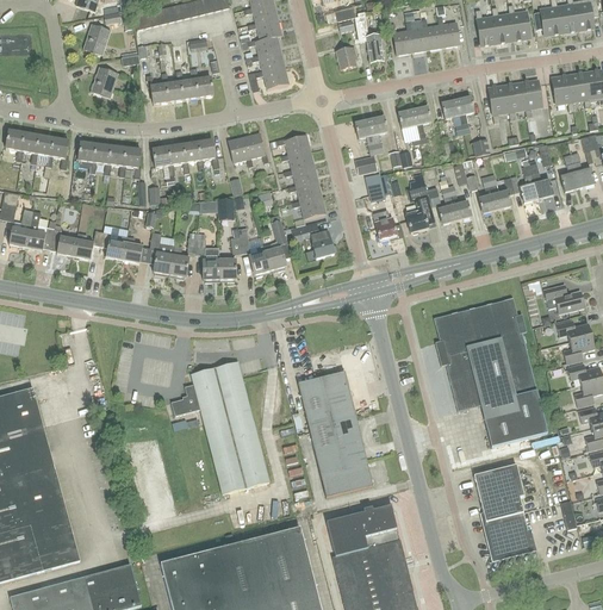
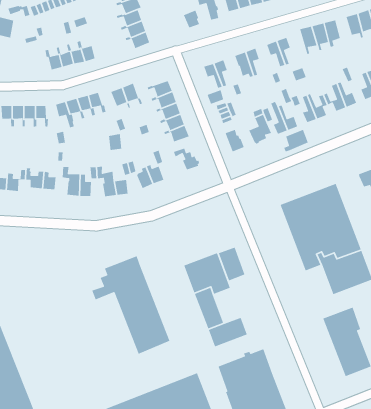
building: [89,67,118,98] -> none
building: none -> [283,129,309,153]
building: [332,421,366,466] -> [218,246,246,281]

